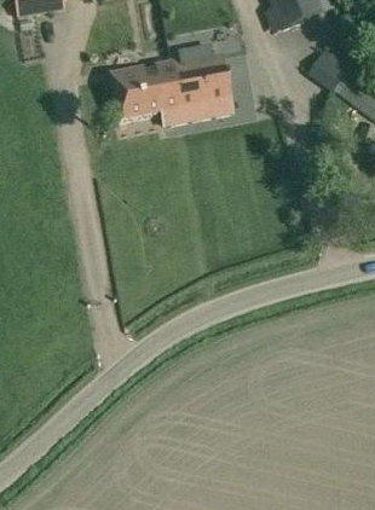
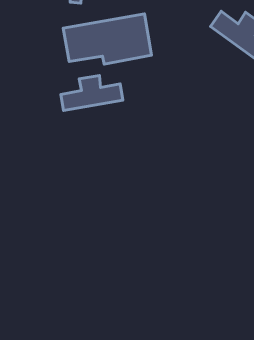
building: none -> [61,76,123,111]

